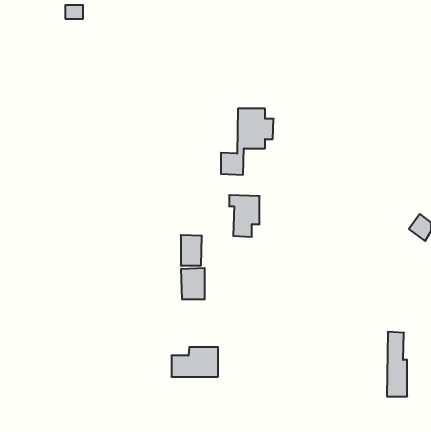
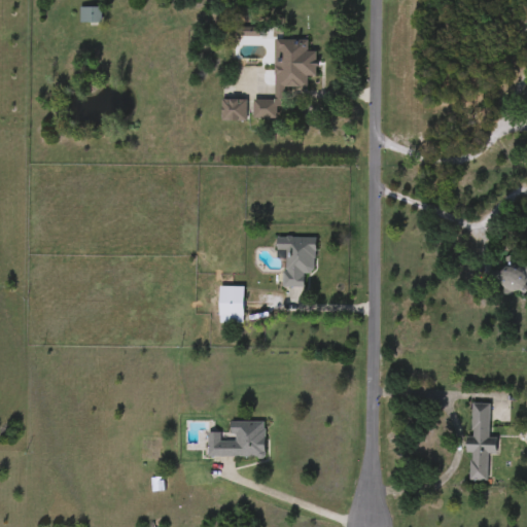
building: none -> [221,99,245,120]
building: [221,109,274,175] -> [253,38,317,118]
building: [181,268,205,299] -> none

